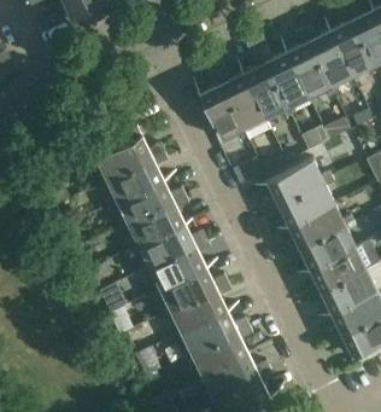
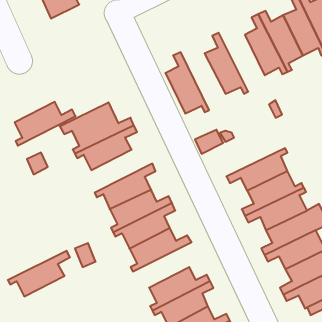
building: [258,47,309,116] -> none
building: [216,69,270,140] -> none
building: [263,159,332,210] -> none
building: [117,180,184,228] -> [15,102,76,146]
building: [163,283,231,333] -> [8,251,70,296]

